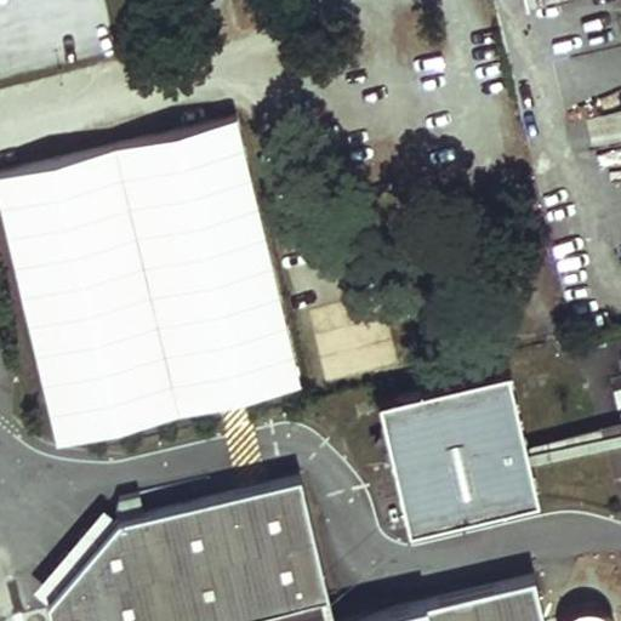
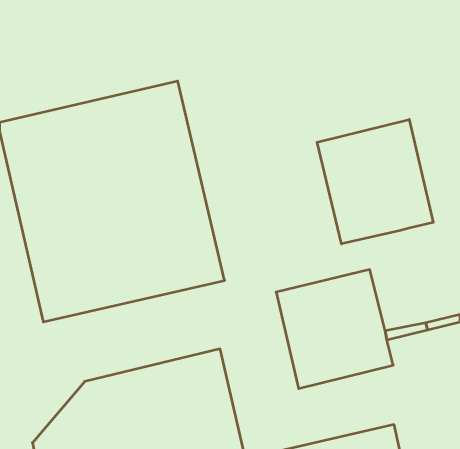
building: none -> [317,119,433,244]

